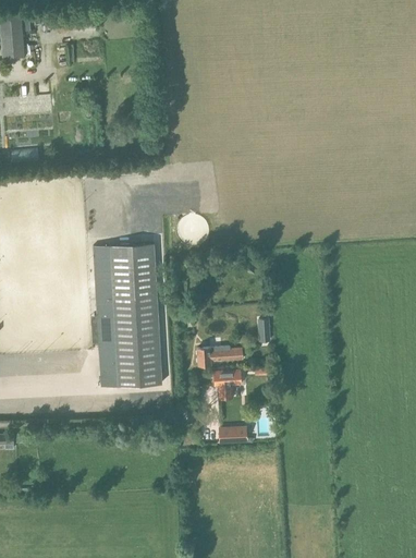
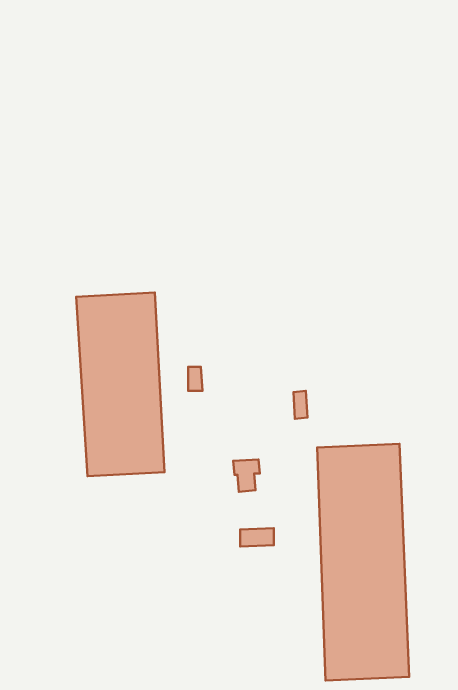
building: [198,347,244,365] -> none
building: none -> [317,444,409,680]

